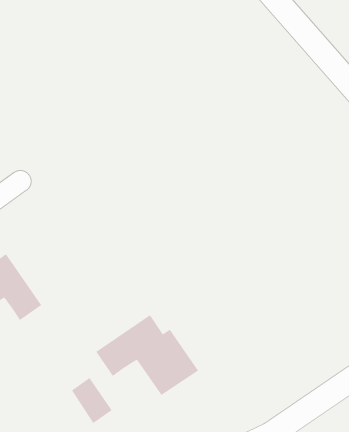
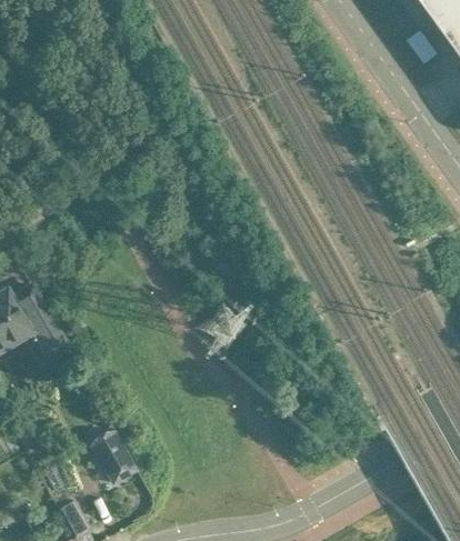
building: [95,314,199,396] -> none

